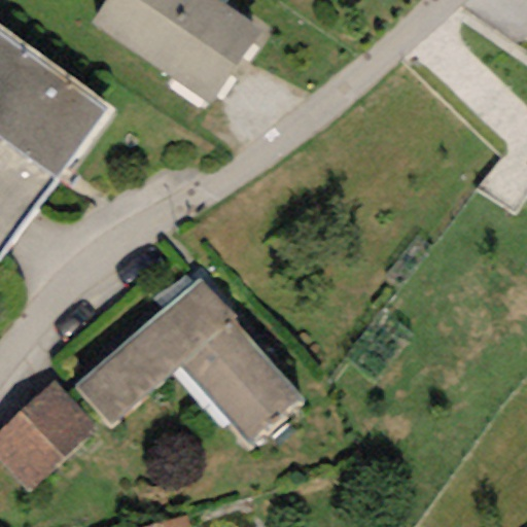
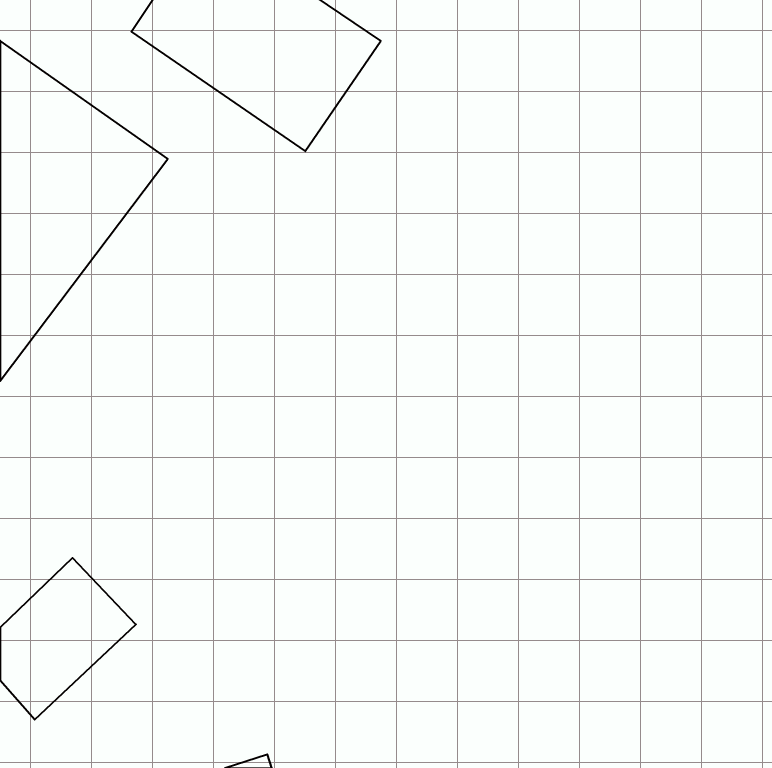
building: [75,276,302,443] -> none

